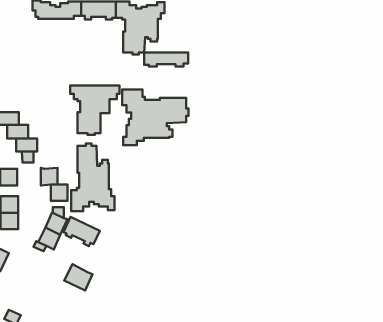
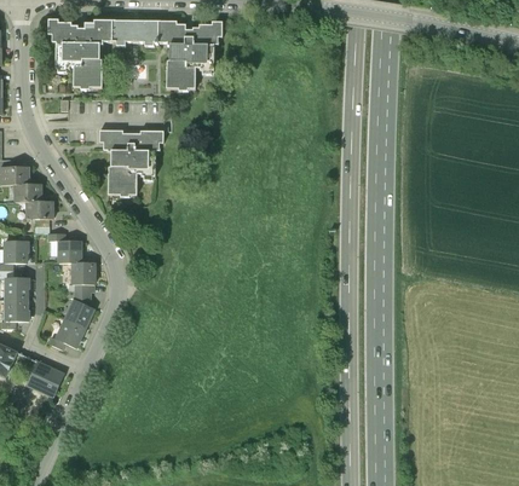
building: none -> [56,44,103,88]
building: [144,53,188,66] -> none
building: [122,89,188,145] -> none
building: [71,144,114,211] -> none
building: [63,217,100,246] -> none
building: [64,264,93,291] -> [27,361,64,397]

